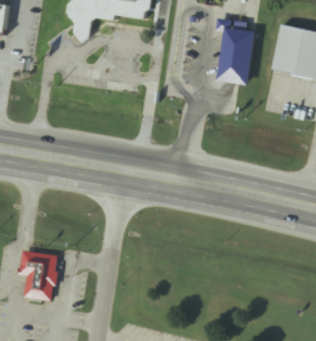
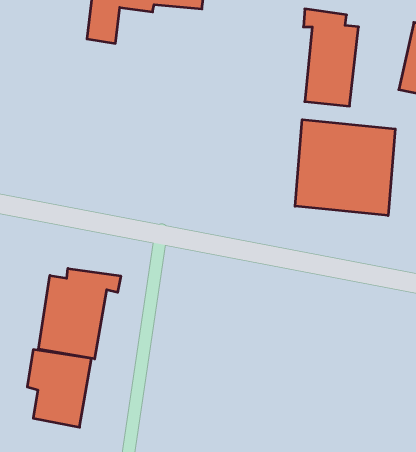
building: none -> [295,120,395,216]
building: none -> [38,268,121,359]

